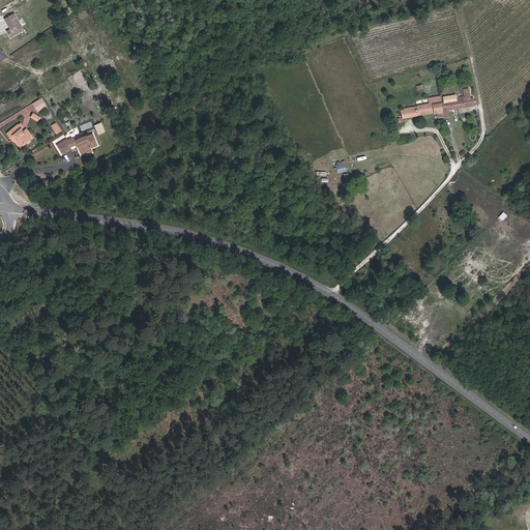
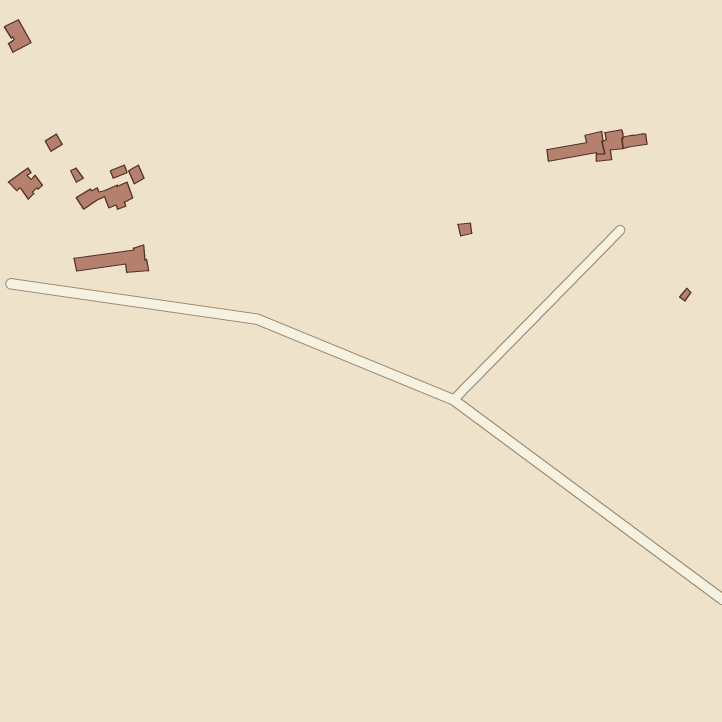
building: none -> [74,245,148,273]

